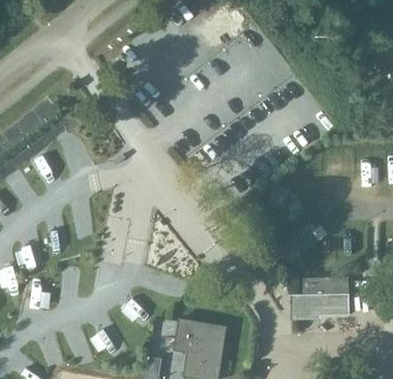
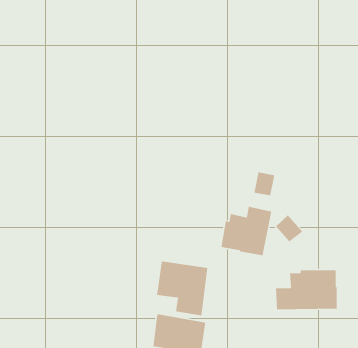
building: none -> [221,206,272,256]
building: none -> [156,261,208,316]

